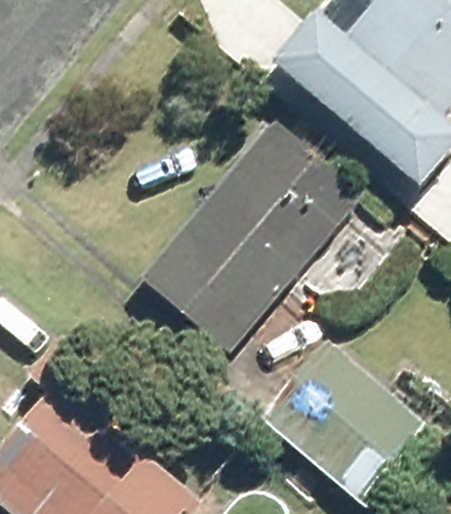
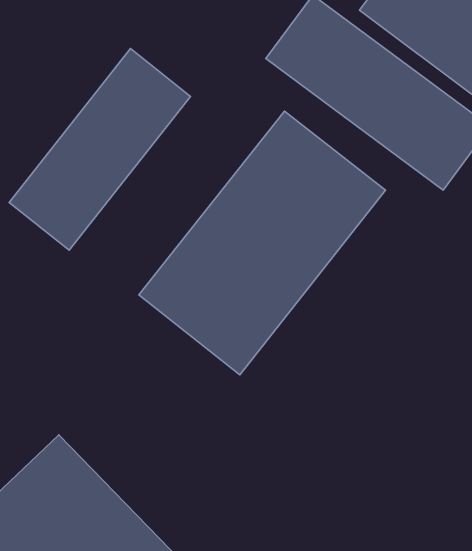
building: none -> [9,49,191,250]
building: [261,331,428,498] -> none

